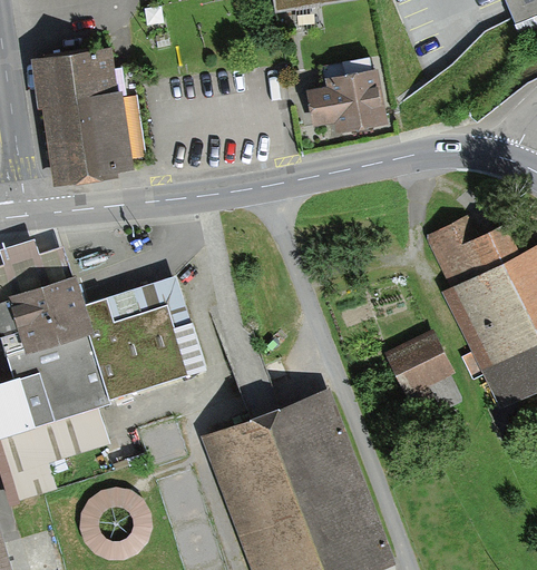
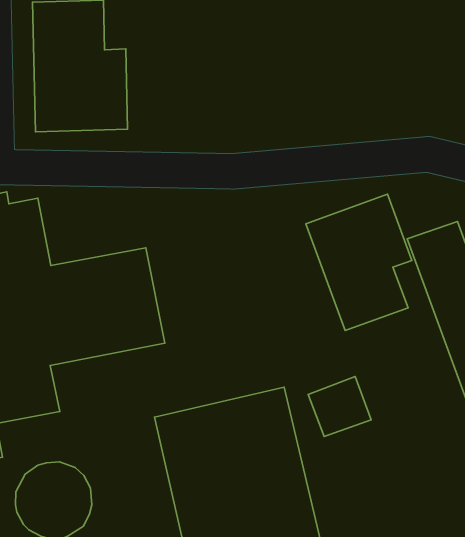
building: [310,67,388,128] -> none
building: none -> [306,194,412,331]
building: [388,334,450,394] -> [308,377,371,436]

